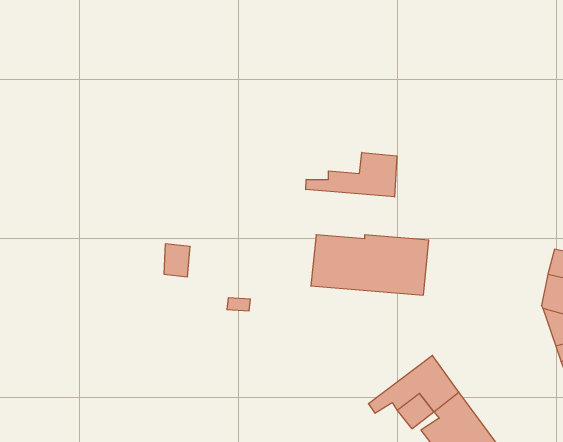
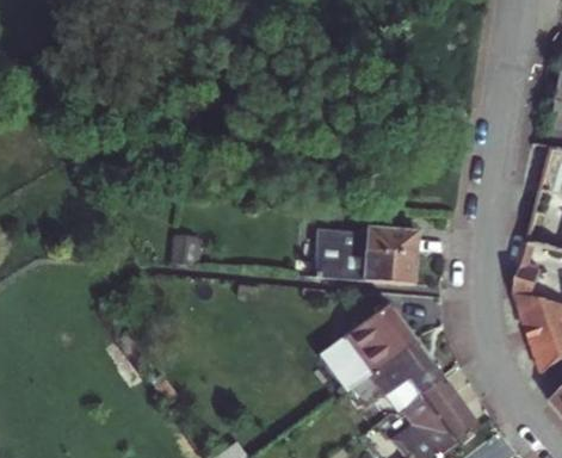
building: [306,152,397,197] -> none
building: none -> [325,303,416,388]

